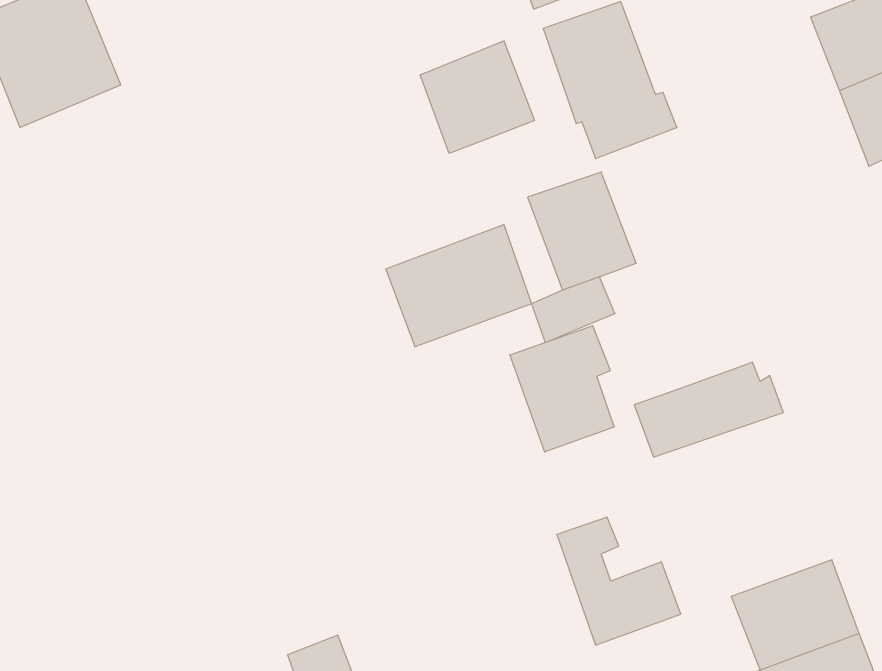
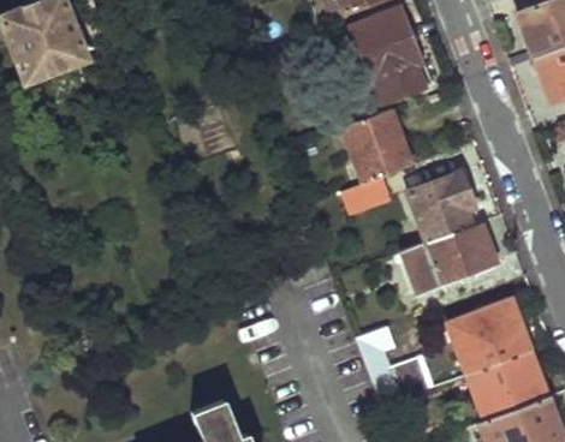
building: [420,41,534,153] -> none
building: [386,224,532,347] -> none
building: [510,326,614,452] -> [409,168,474,246]
building: none -> [448,300,529,374]

